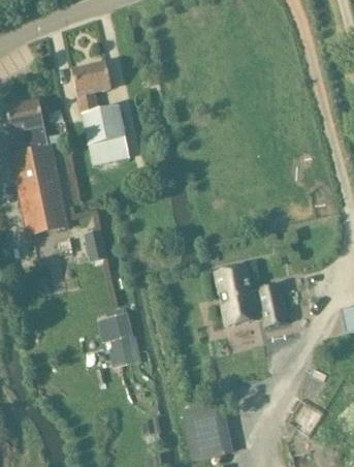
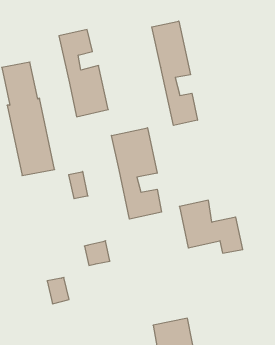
building: none -> [152,21,197,125]
building: none -> [111,128,161,219]
building: [116,334,141,365] -> [47,277,69,304]

